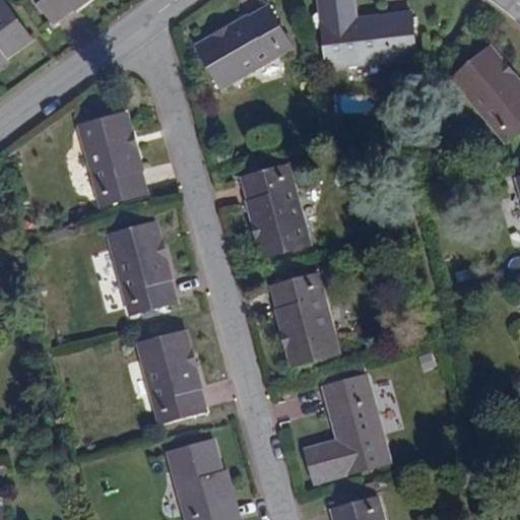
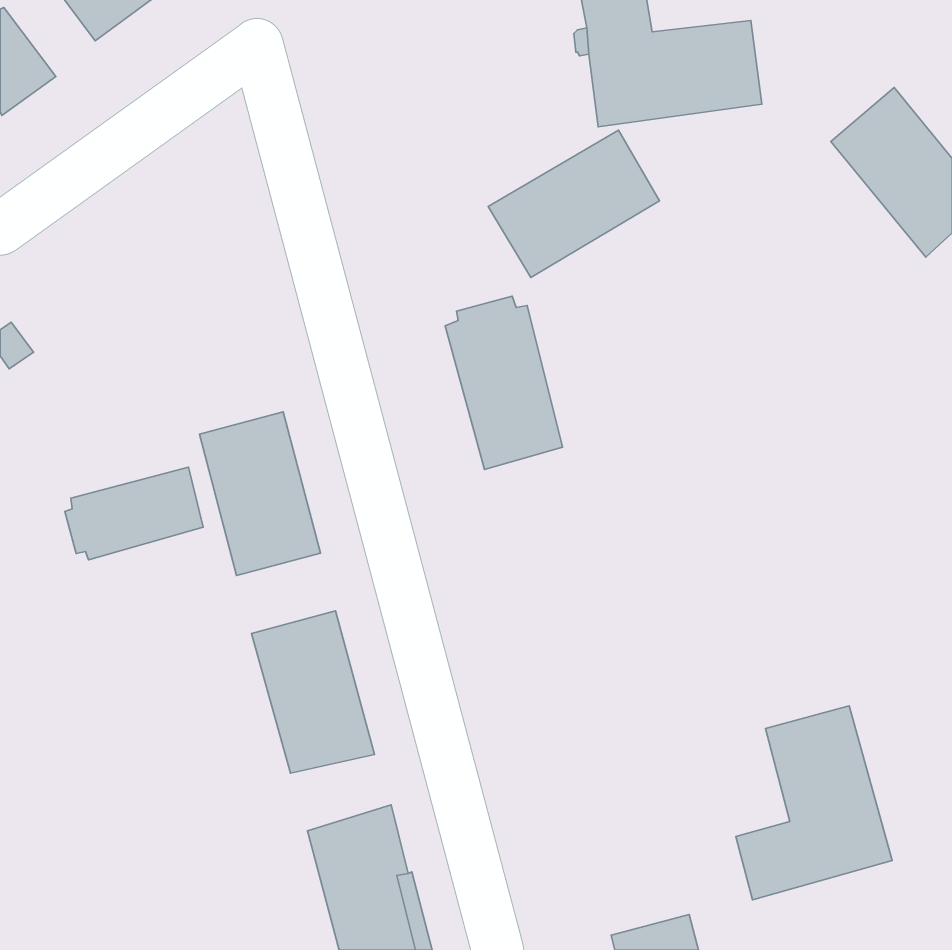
building: [197,7,290,87] -> [488,130,660,277]
building: [79,114,146,206] -> none
building: none -> [65,467,203,560]
building: [272,275,336,365] -> none
building: [306,376,391,481] -> [736,706,892,900]

